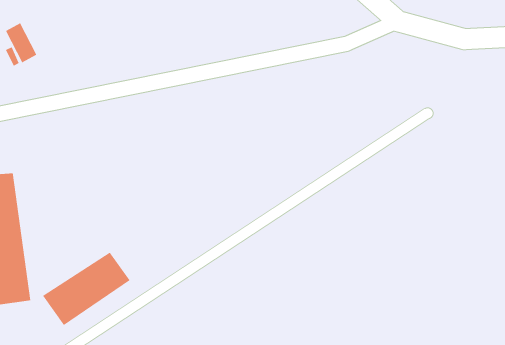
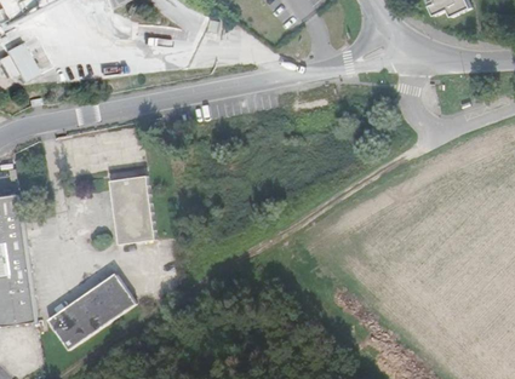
building: none -> [107,174,151,243]

